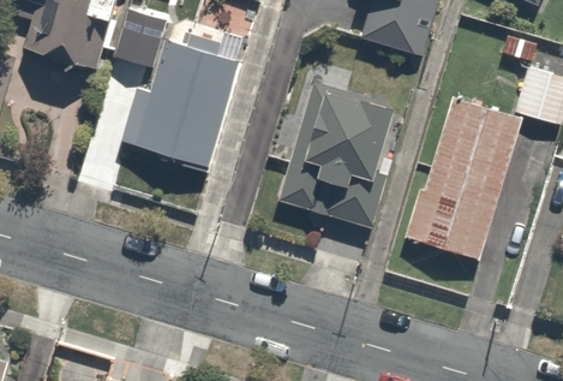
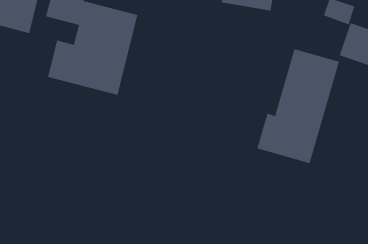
building: [271,83,412,230] -> none

